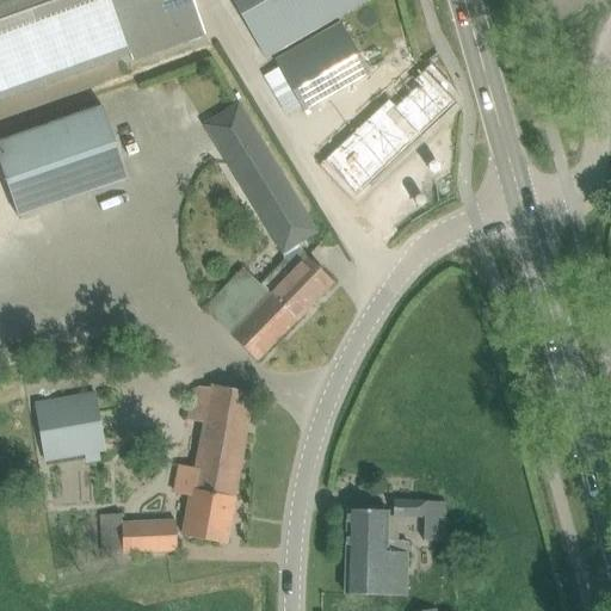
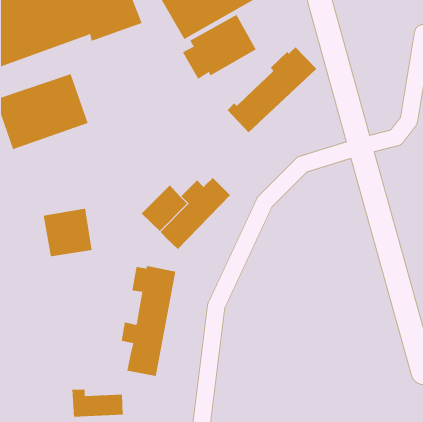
building: [205,104,317,247] -> none
building: [33,389,105,459] -> [43,208,92,257]
building: [393,500,444,541] -> none
building: [345,508,408,595] -> none
building: [101,513,177,554] -> [71,389,124,417]

